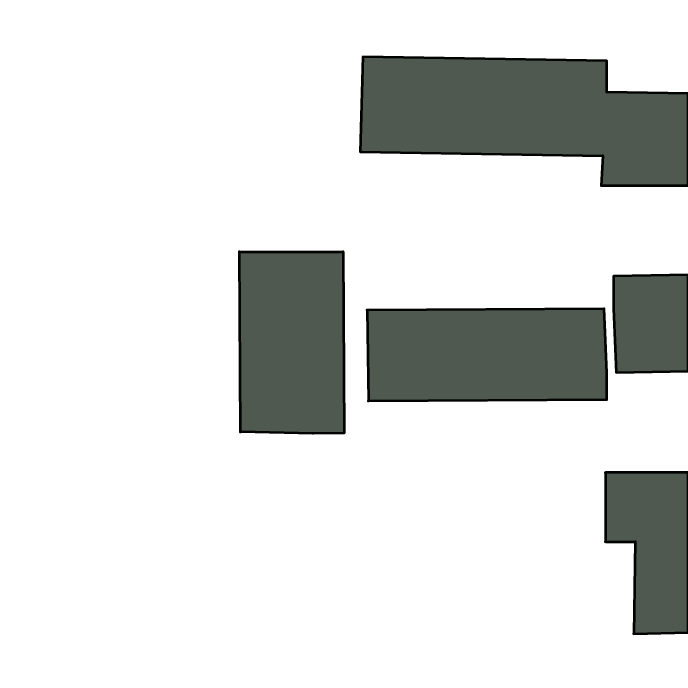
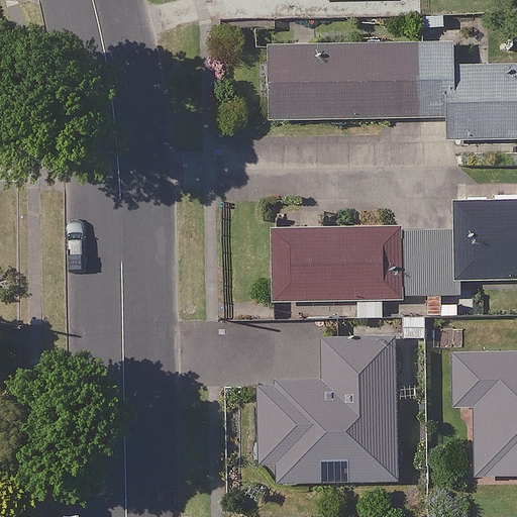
building: [239,252,344,433] -> none
building: none -> [255,339,397,482]

